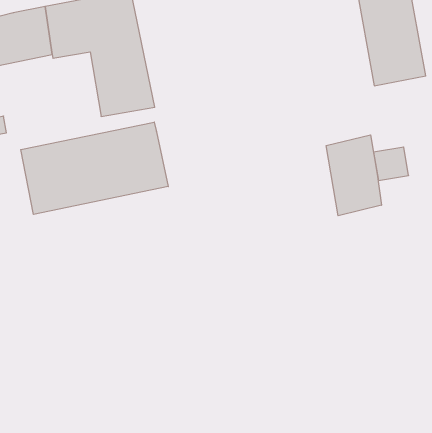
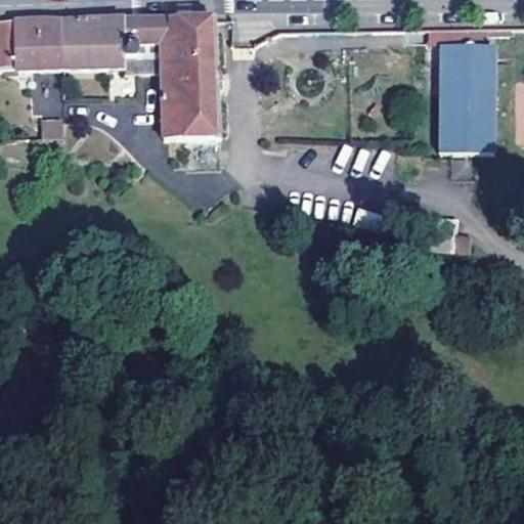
building: [21,122,168,214] -> none
building: [326,135,381,216] -> none

